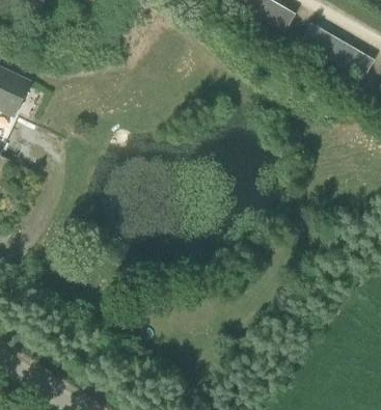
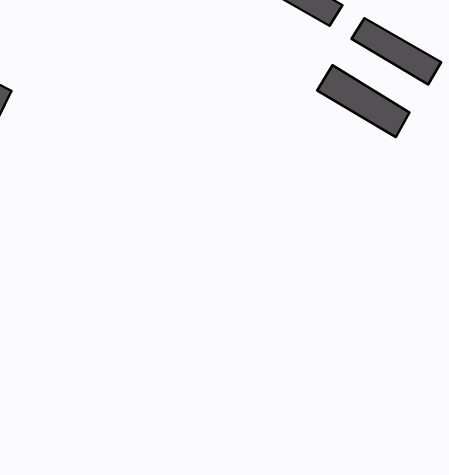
building: none -> [317,65,410,137]

